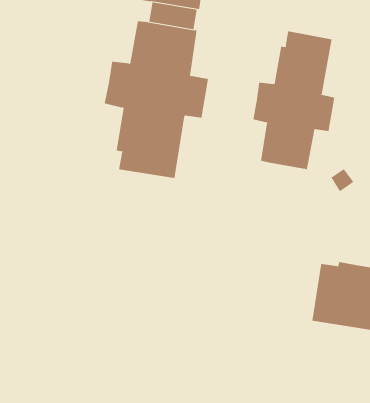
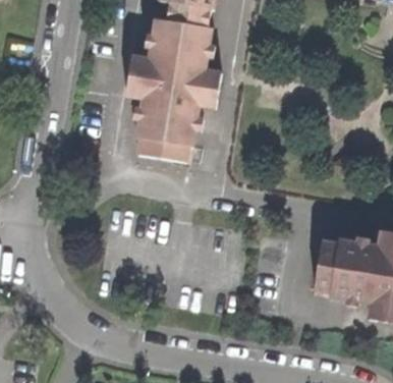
building: [253,30,335,170] -> none

